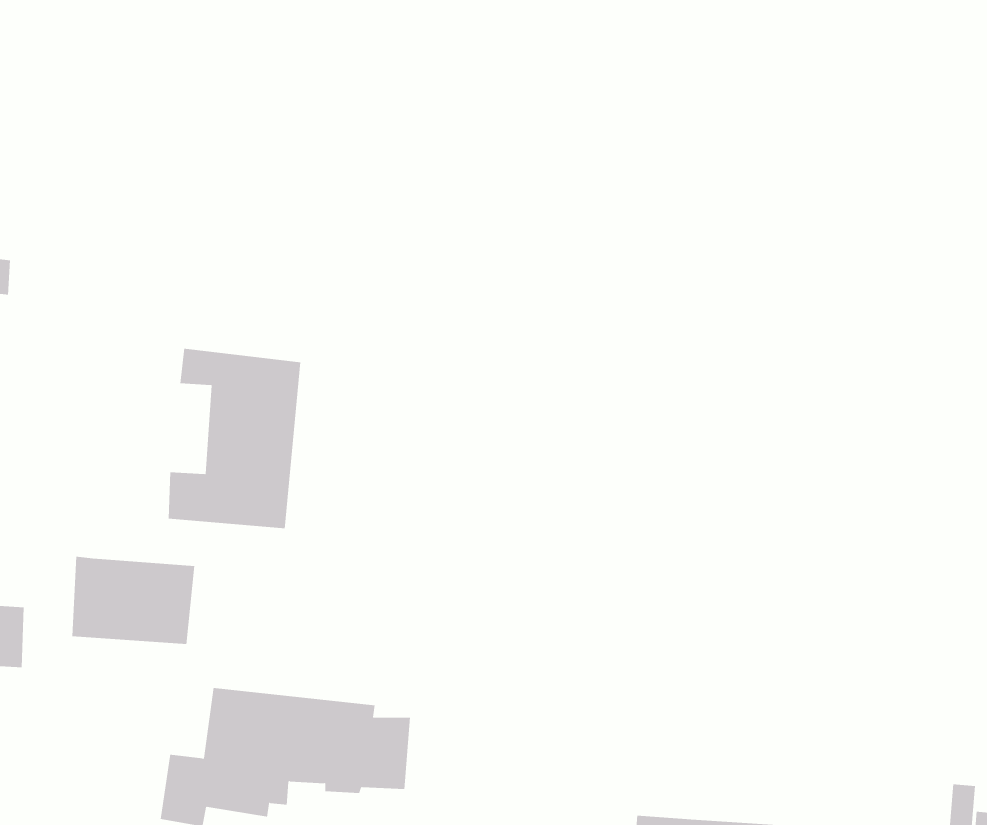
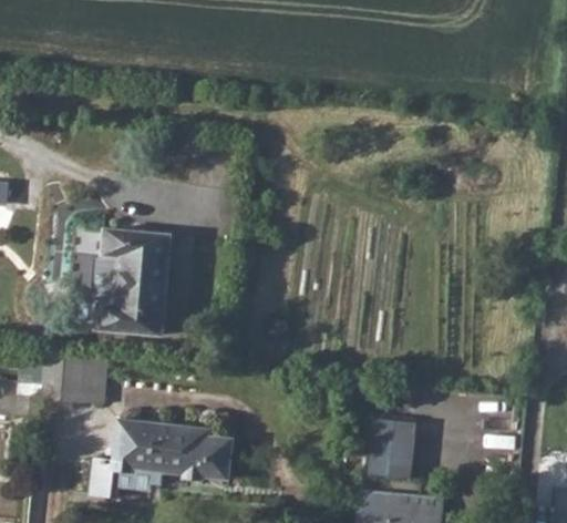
building: none -> [93,248,120,299]
building: none -> [363,409,415,474]

